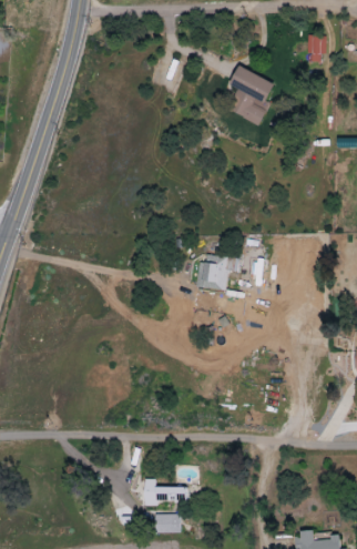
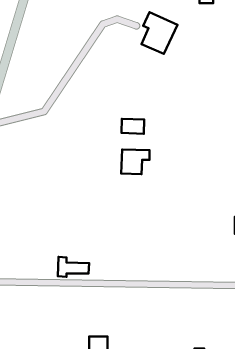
building: none -> [121,119,144,134]
building: [144,478,187,506] -> [58,257,89,277]

